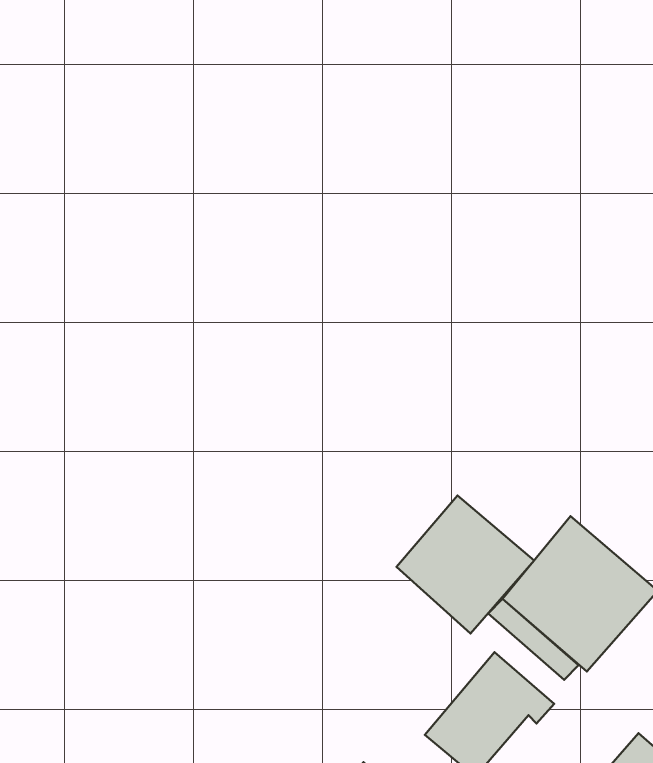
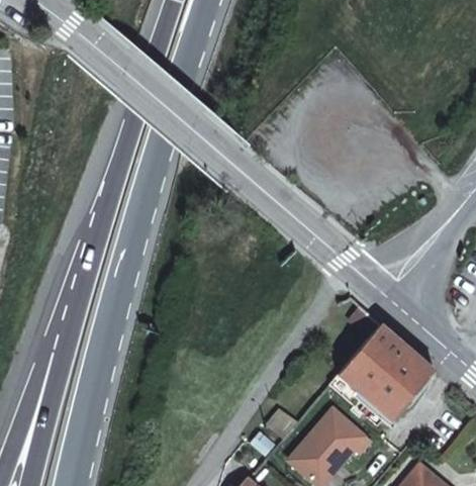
building: [396,495,534,633] -> none

